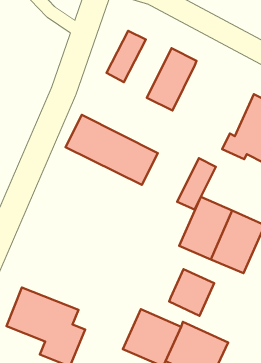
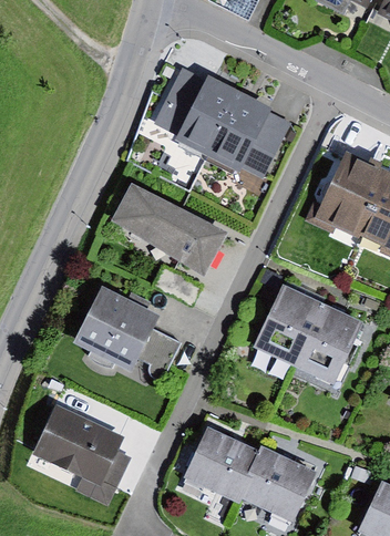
building: none -> [179,76,243,156]
building: [177,158,216,210] -> [245,114,295,181]
building: none -> [72,286,179,389]
building: [169,269,214,316] -> none

